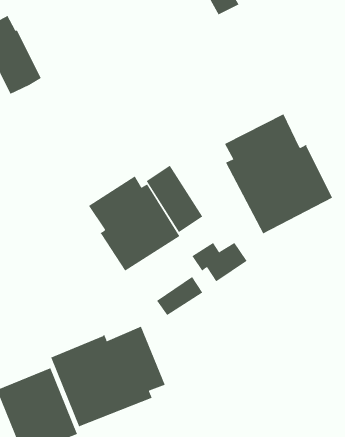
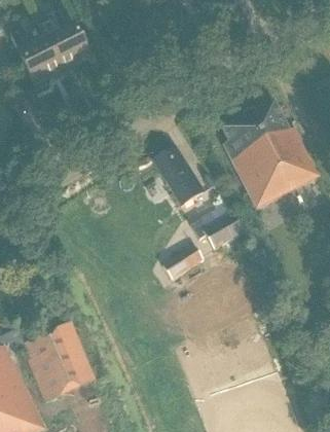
building: none -> [40,9,89,70]
building: [88,176,180,271] -> none
building: [51,326,165,427] -> none

